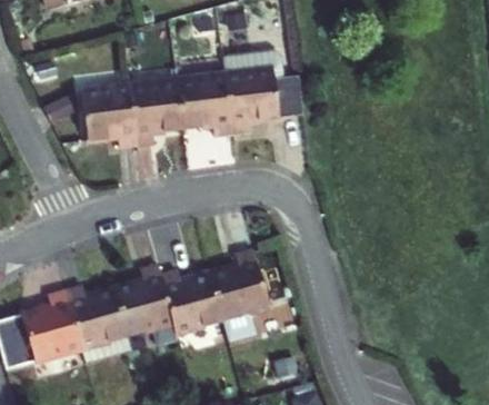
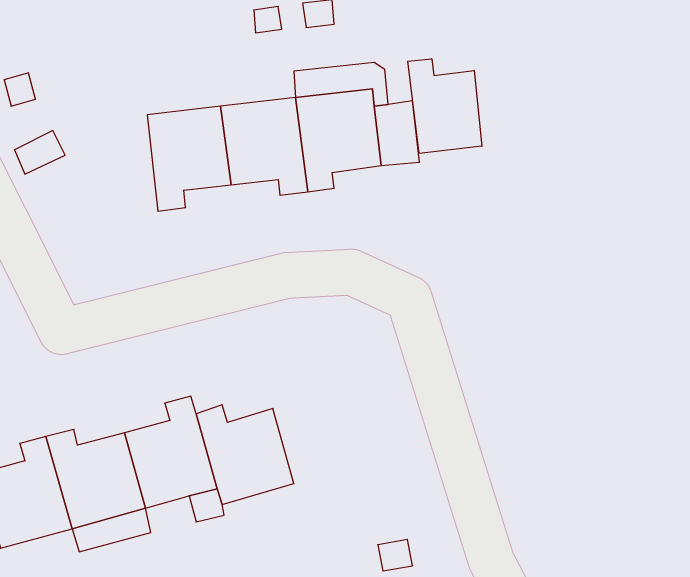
building: none -> [408,59,482,153]
building: [79,86,134,148] -> none
building: [208,249,269,320] -> none

